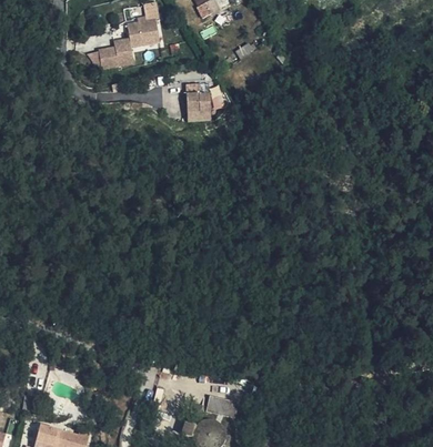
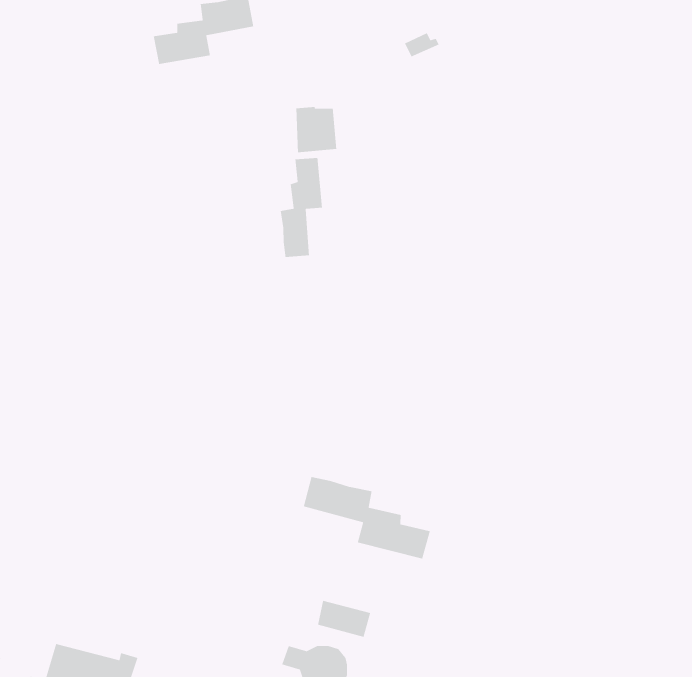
building: none -> [280,157,323,258]
building: none -> [303,476,431,560]

